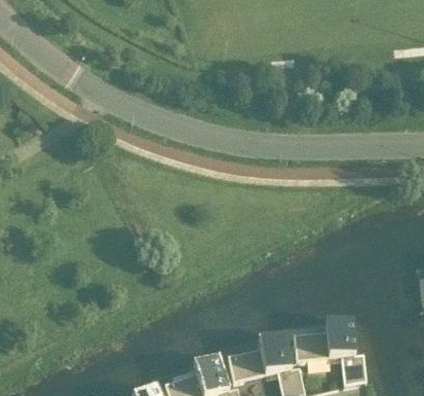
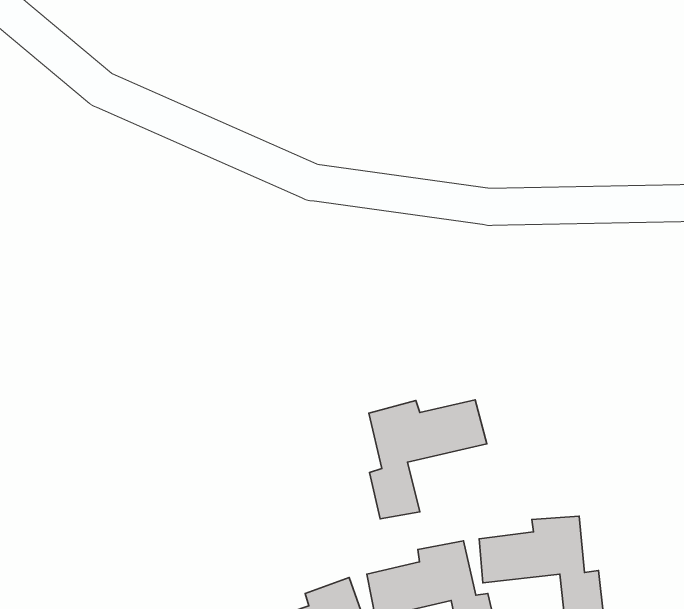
building: none -> [369,400,487,519]

